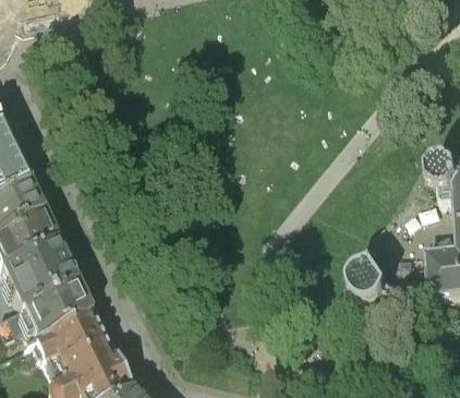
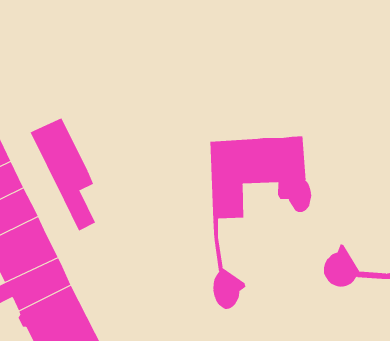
building: none -> [30,117,96,232]
building: none -> [210,136,312,310]

